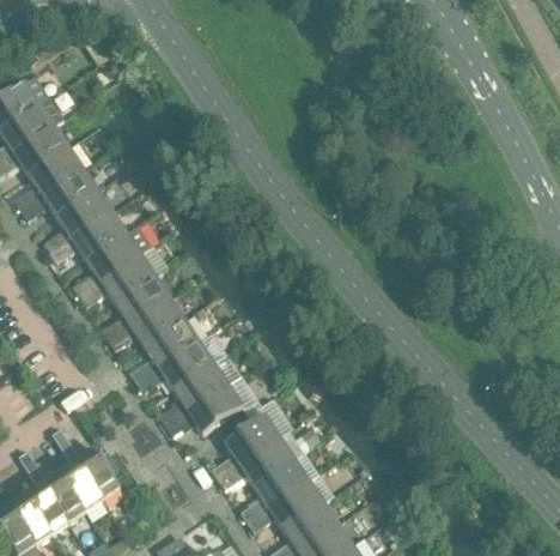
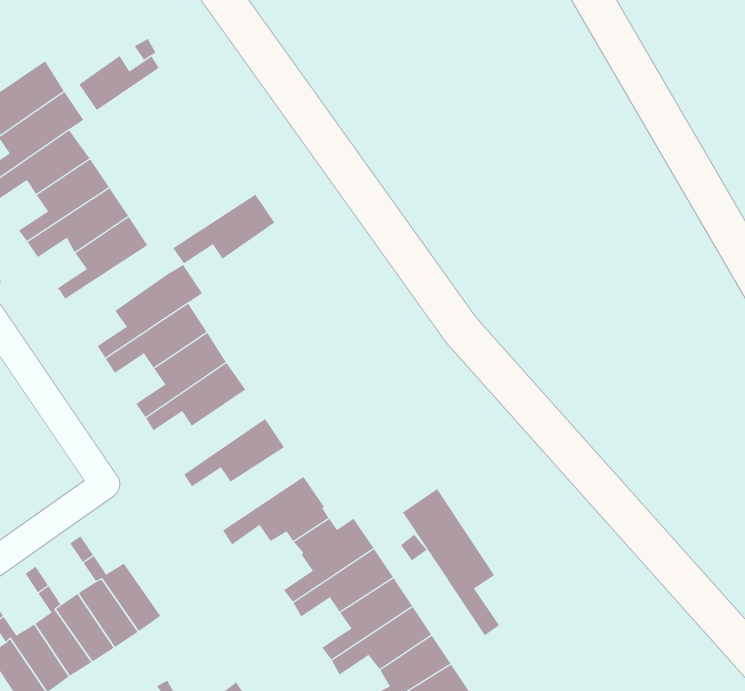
building: none -> [79,55,159,111]
building: [51,211,128,264] -> [172,194,275,264]
building: [133,319,201,382] -> none
building: [162,362,230,424] -> none
building: none -> [402,488,500,636]

